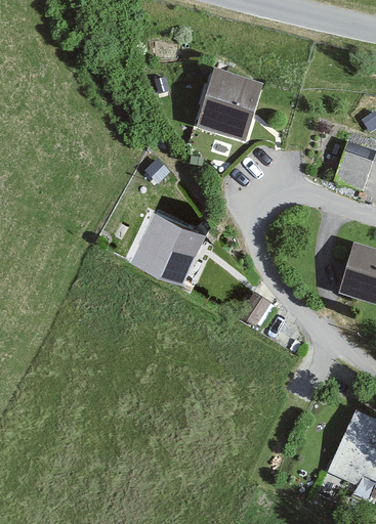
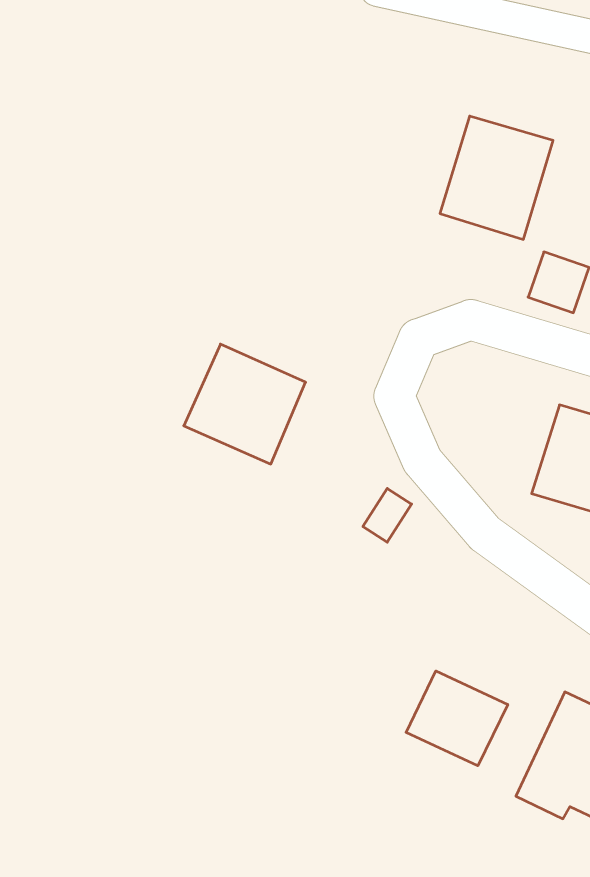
building: [196,71,262,143] -> [440,116,553,239]
building: none -> [406,671,508,766]

